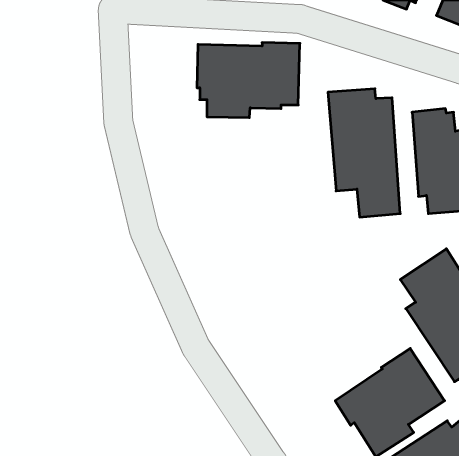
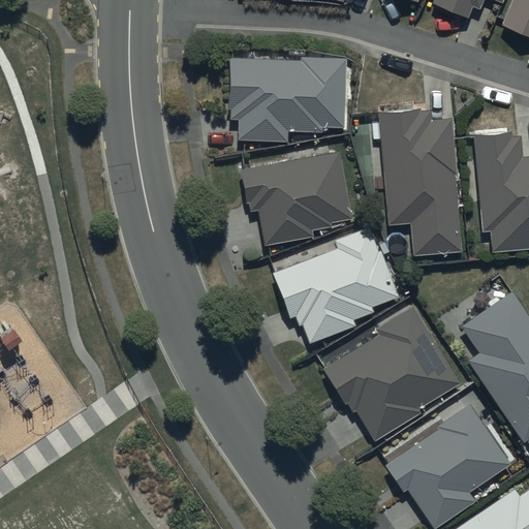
building: none -> [241,153,351,245]
building: none -> [273,226,399,344]
building: none -> [325,306,460,441]

